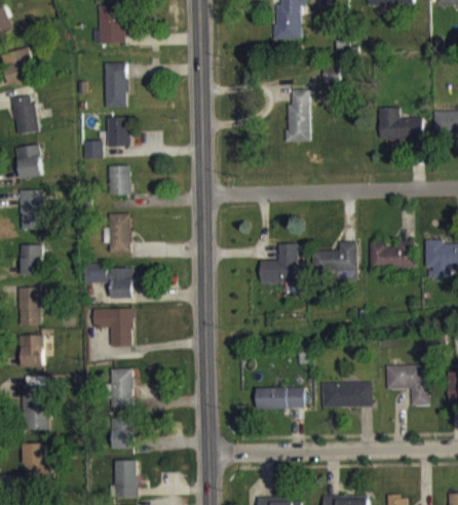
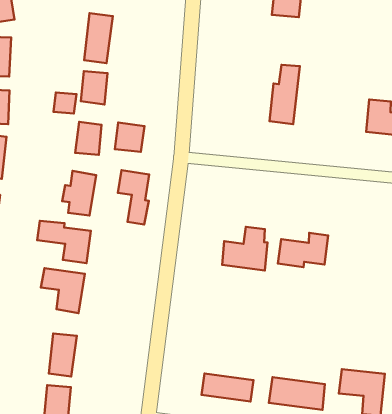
building: none -> [115,122,144,152]
building: none -> [118,170,149,224]
building: [370,241,415,268] -> none

